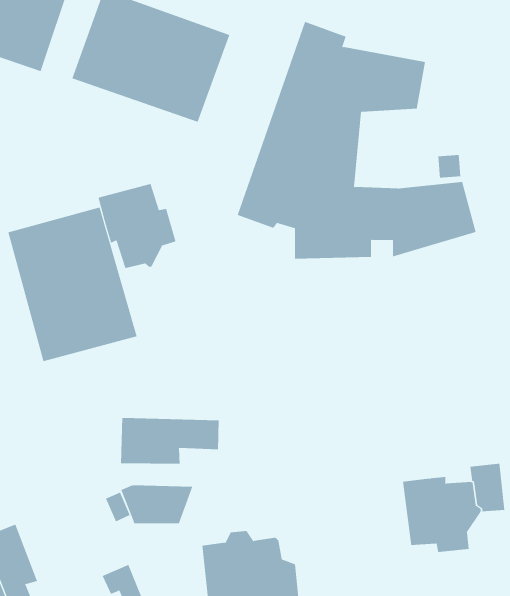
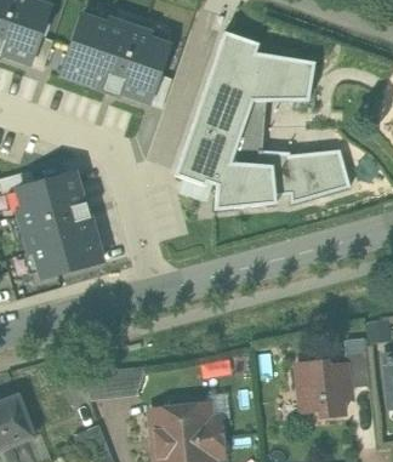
building: [98,183,176,269] -> none
building: [120,417,219,464] -> none

